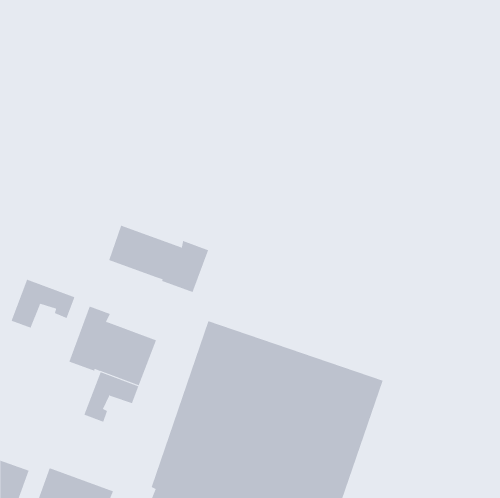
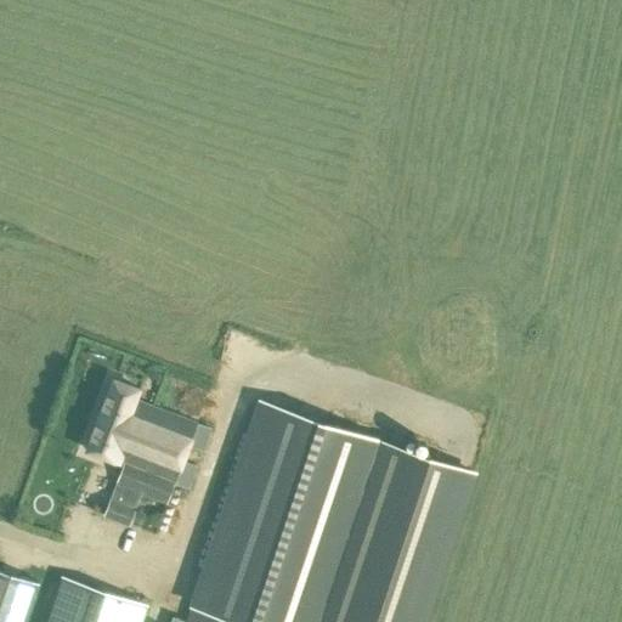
building: [108,225,209,293] -> none
building: [11,279,75,328] -> none

